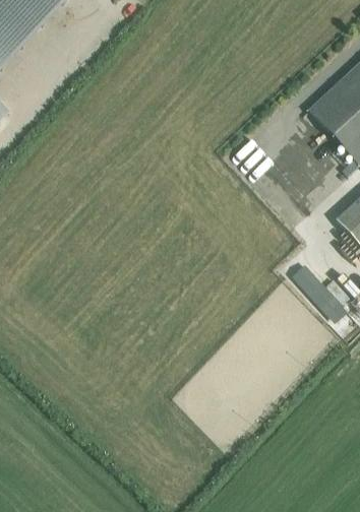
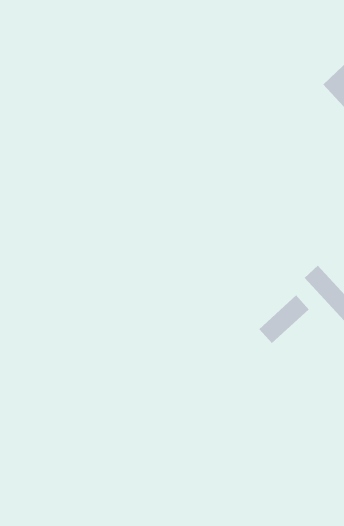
building: none -> [258,295,310,344]

